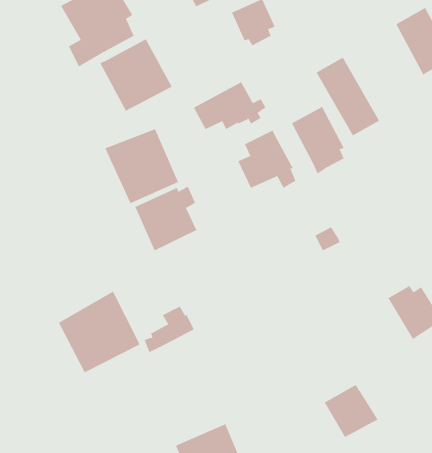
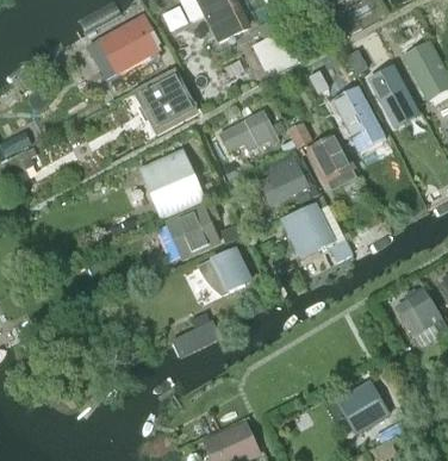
building: none -> [368,66,418,127]
building: none -> [290,210,334,254]
building: none -> [195,248,251,297]
building: [58,291,141,373] -> none

